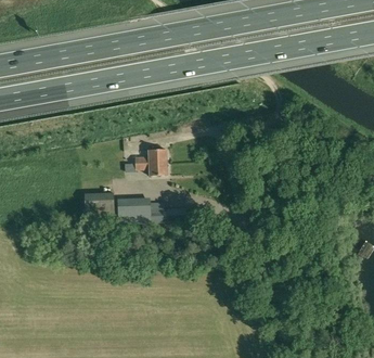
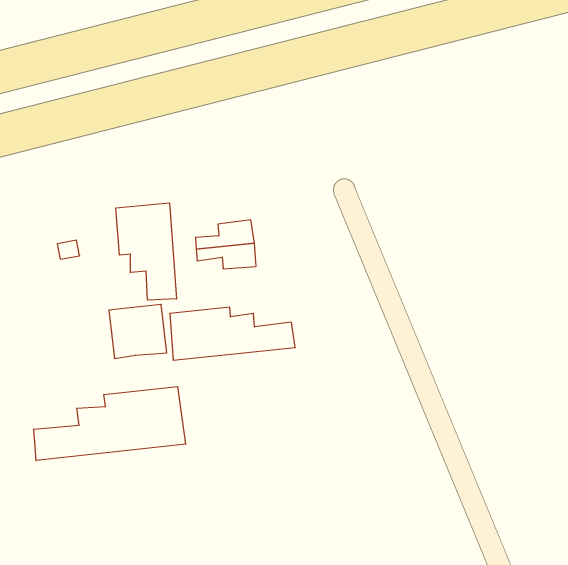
building: none -> [116,203,177,300]
building: none -> [34,387,186,461]

